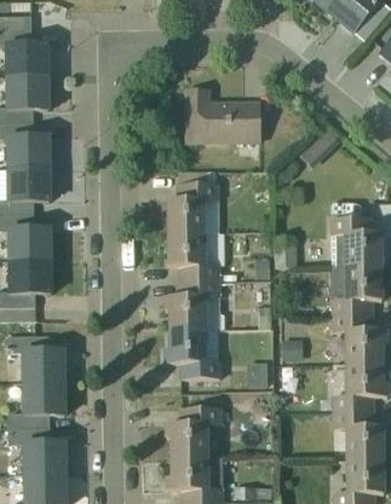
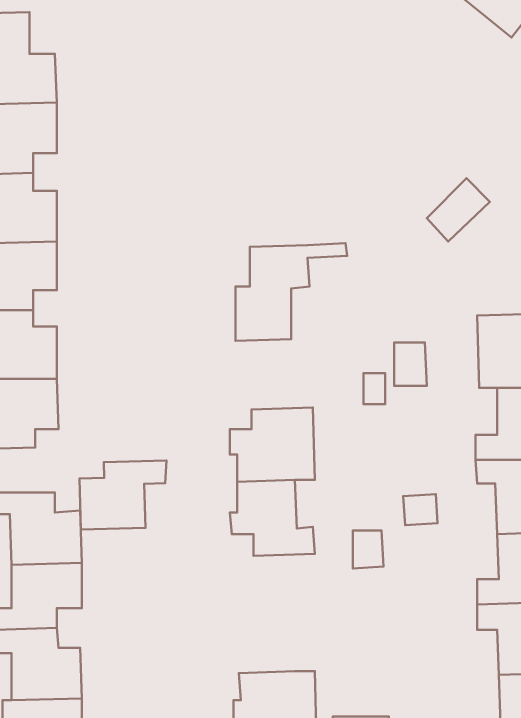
building: [186,89,260,141] -> none
building: [169,234,222,282] -> none
building: none -> [80,460,167,529]
building: [167,409,222,458] -> none

